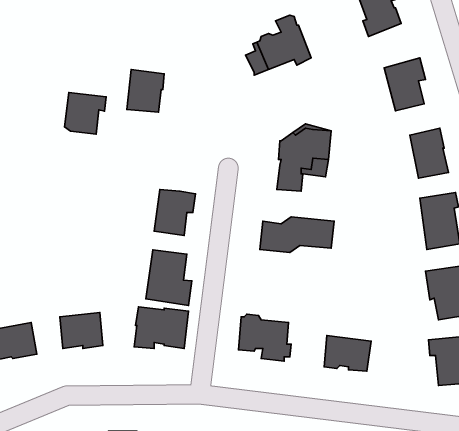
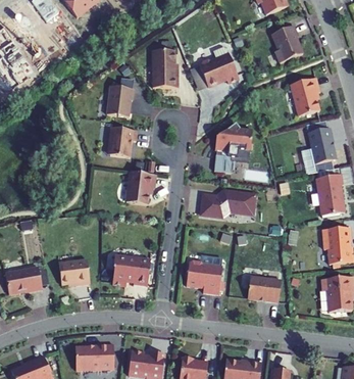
building: none -> [153,51,179,88]
building: [65,93,106,134] -> [108,128,138,157]
building: [146,250,192,305] -> none

